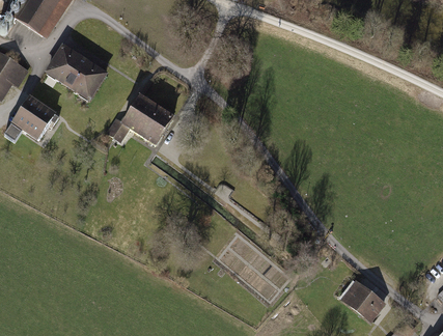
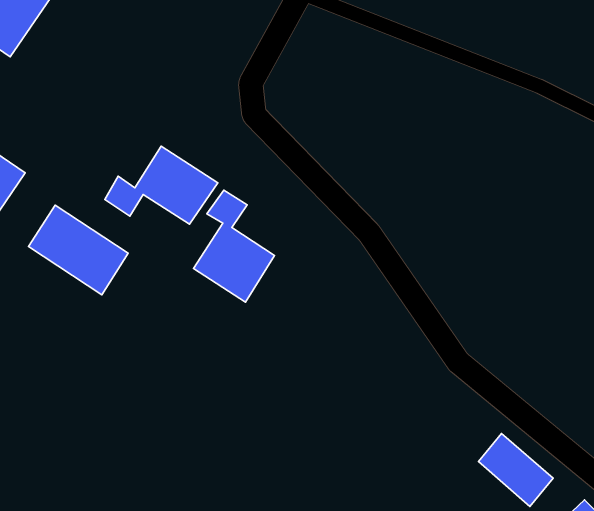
building: [46,47,108,103] -> [29,205,128,295]
building: none -> [193,190,274,302]

